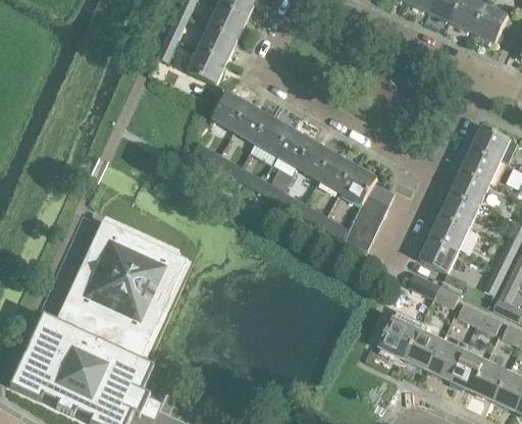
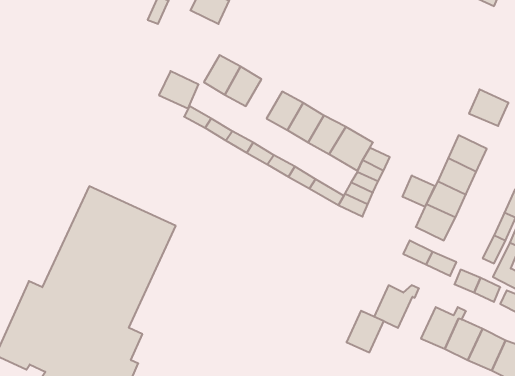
building: [188,48,226,85] -> [159,71,199,109]
building: [253,115,289,154] -> none
building: [461,149,500,183] -> none
building: none -> [403,175,435,207]
building: [402,328,438,369] -> [346,311,384,352]

